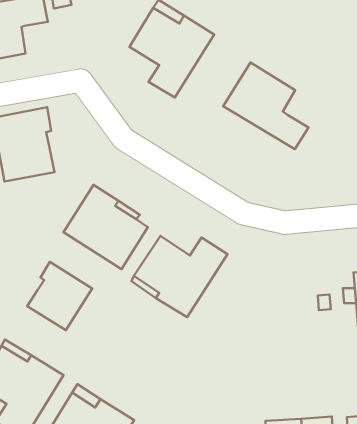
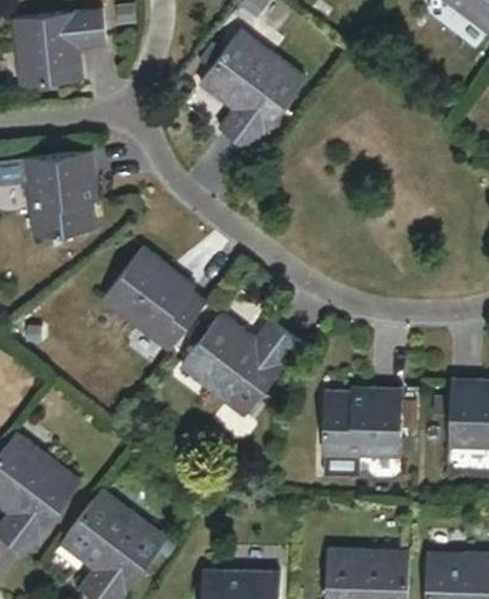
building: [223,62,308,149] -> none
building: [27,262,92,330] -> none
building: none -> [321,390,401,461]

